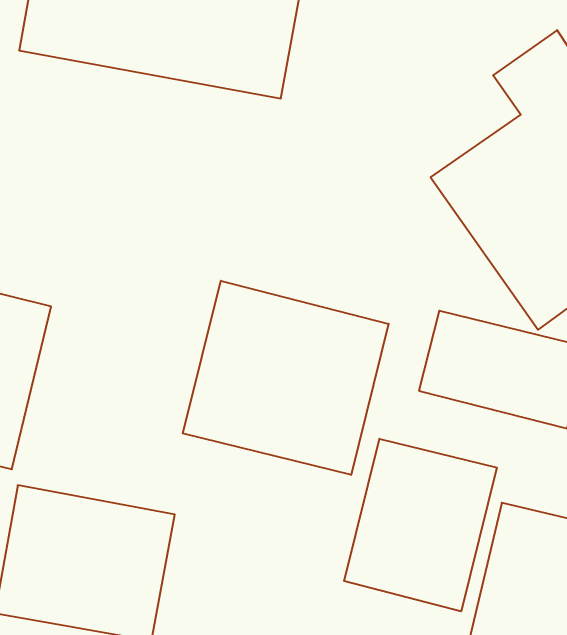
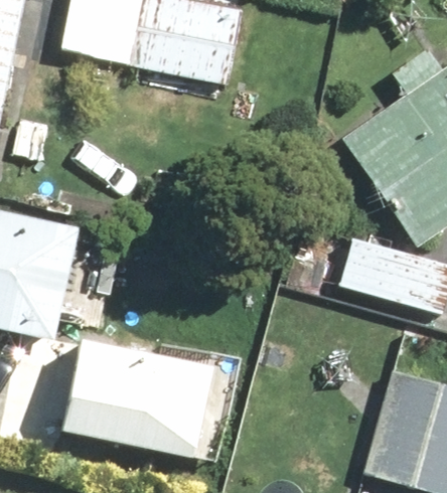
building: [183,281,389,475] -> none
building: [344,439,497,611] -> none

